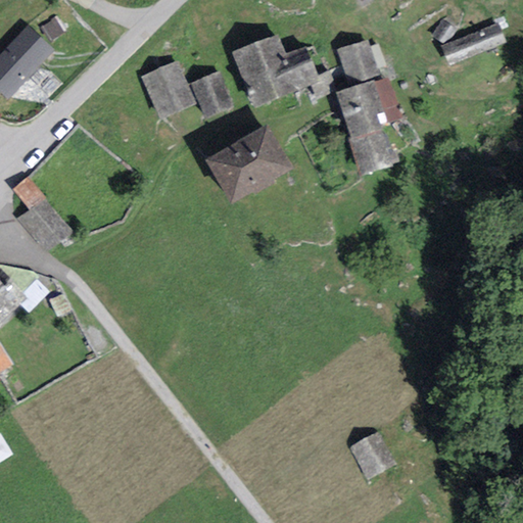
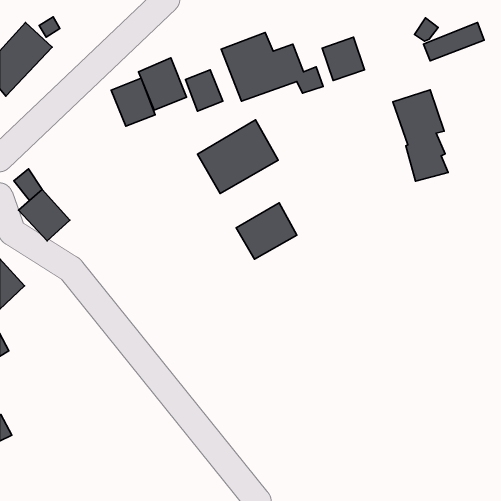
building: [334,80,391,175] -> [393,90,448,181]
building: none -> [111,78,155,126]
building: none -> [236,203,297,259]
building: [351,432,397,479] -> none

